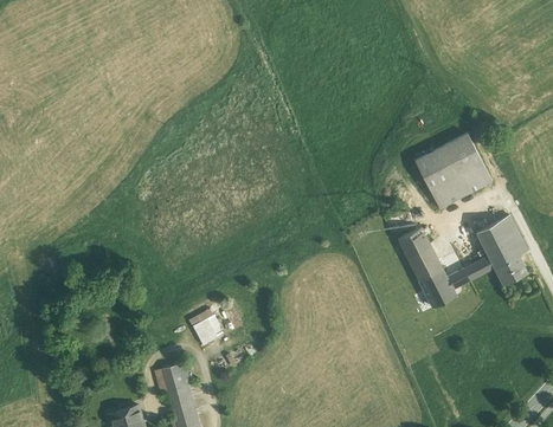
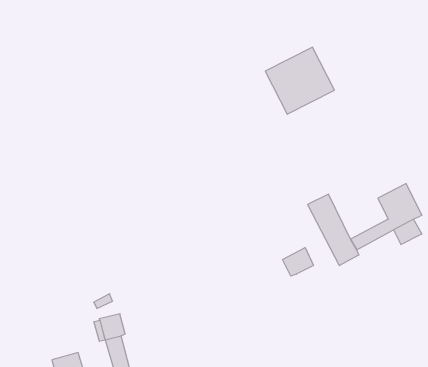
building: [413,134,491,209] -> [265,47,334,114]
building: none -> [283,248,313,276]
building: [187,308,224,344] -> none

